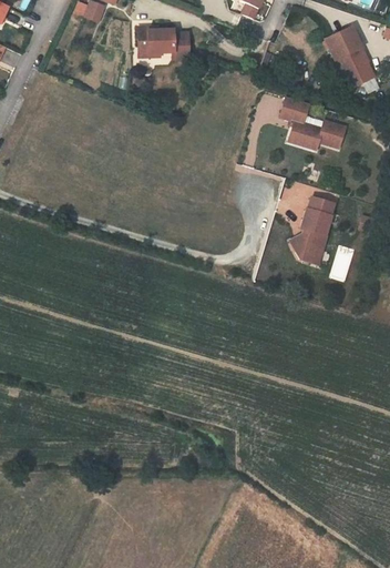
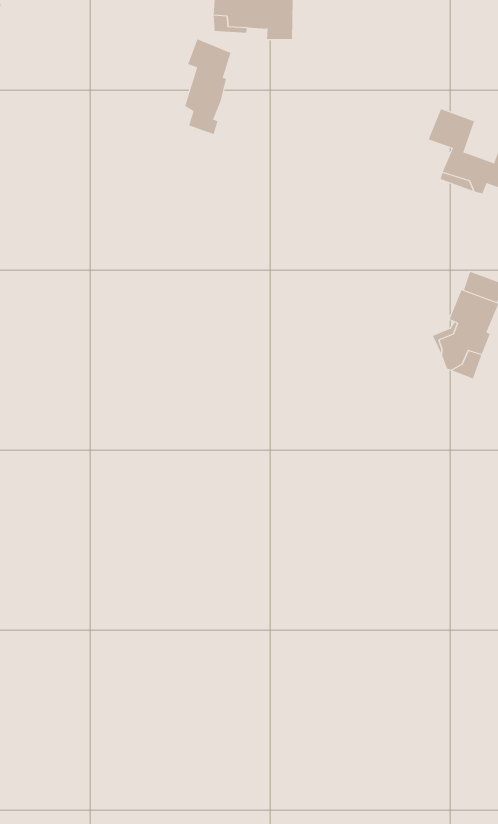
building: none -> [184,38,231,135]

